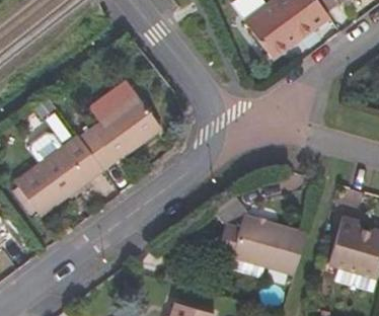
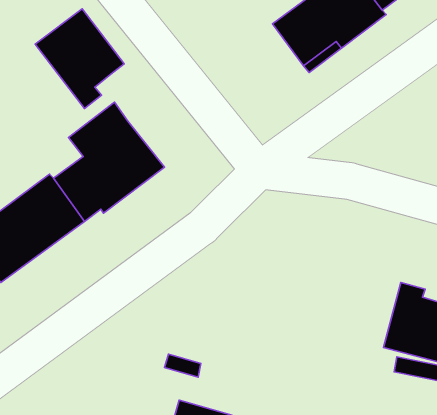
building: none -> [35,9,124,108]
building: [217,214,307,272] -> none

